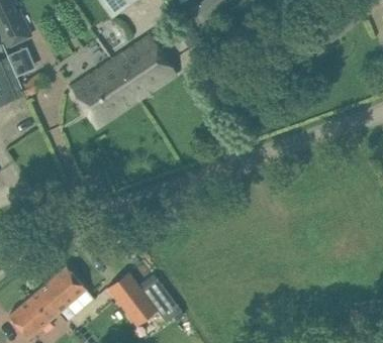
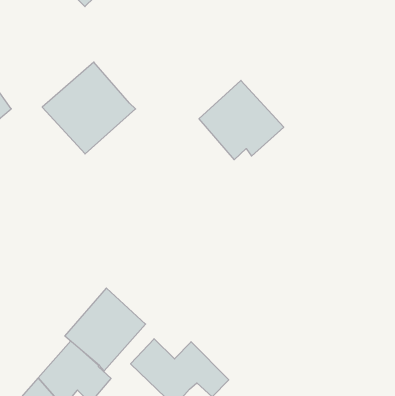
building: [113,35,176,94] -> [199,80,284,160]
building: none -> [65,288,146,371]

